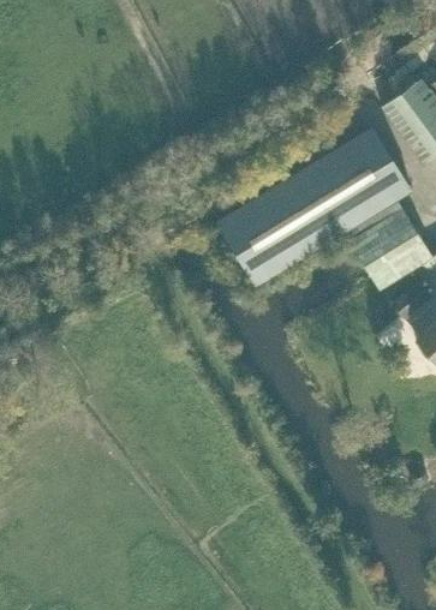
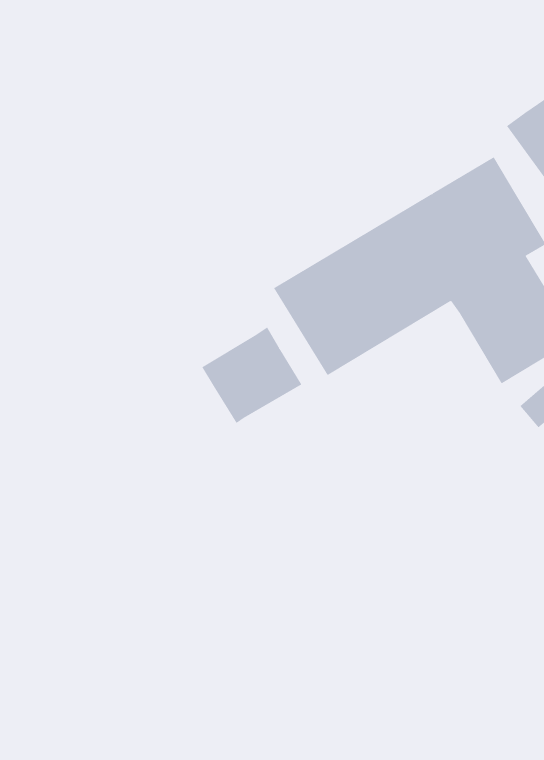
building: none -> [201,327,302,424]

